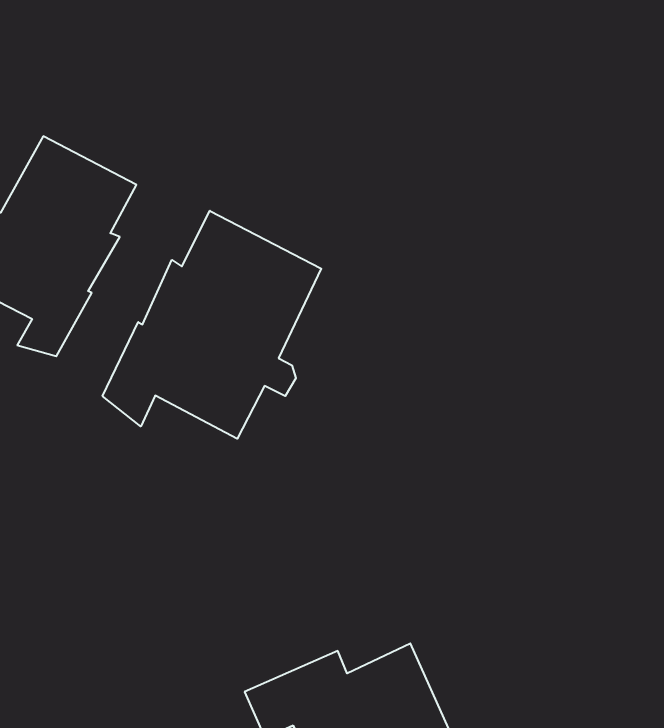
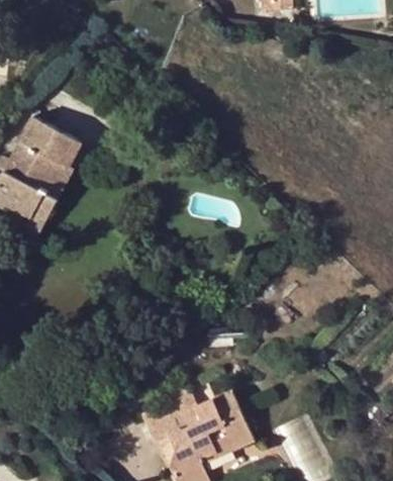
building: [103,211,321,439] -> none

